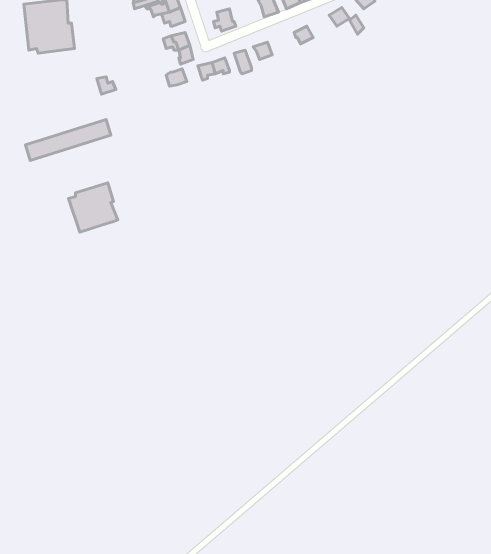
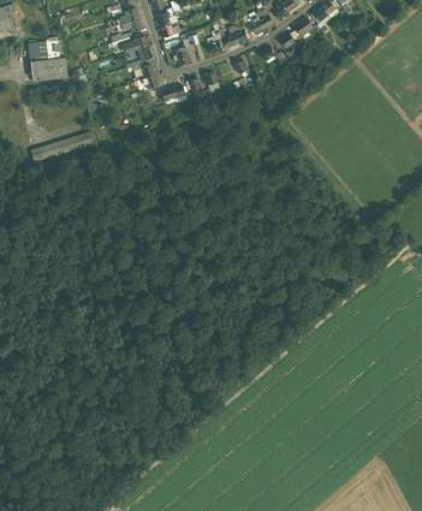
building: [68,183,118,232] -> none

